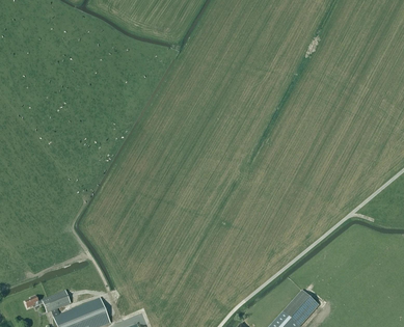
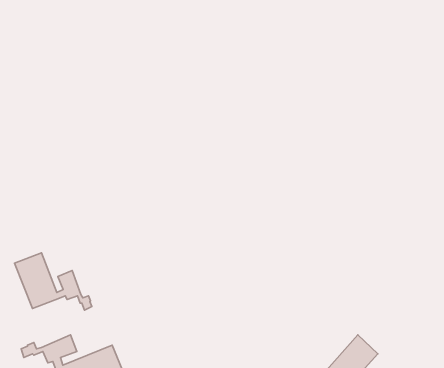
building: none -> [14,253,92,310]

